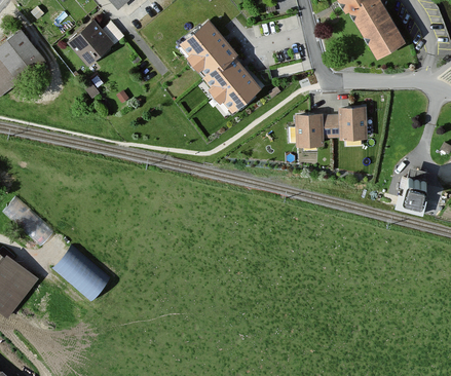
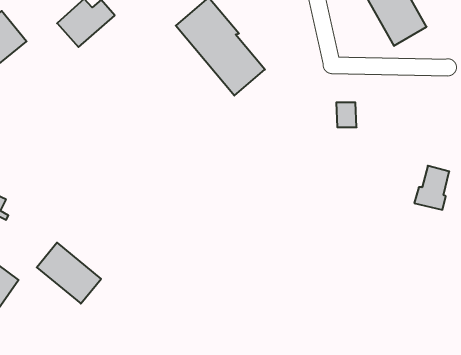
building: [342,106,369,140] -> none
building: [296,115,326,148] -> none

